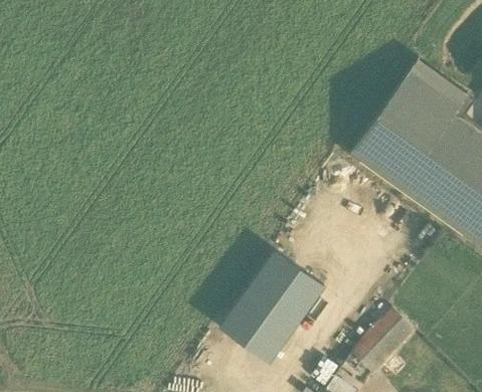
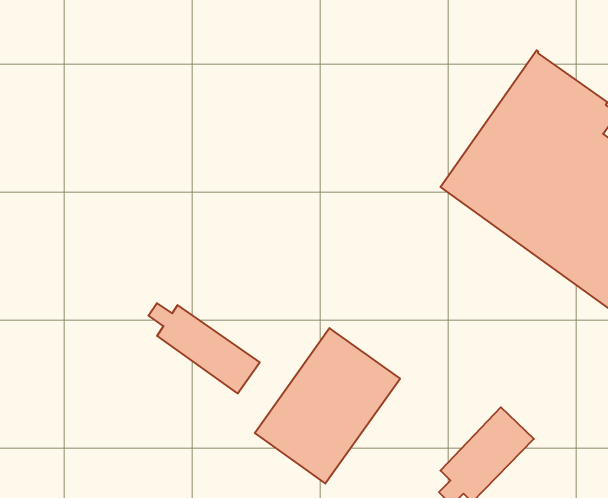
building: none -> [148,303,260,393]

